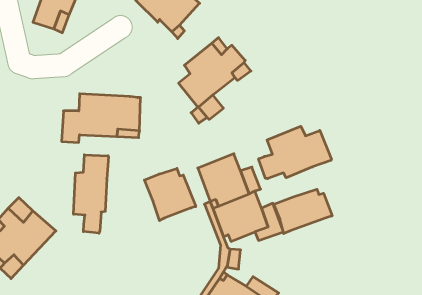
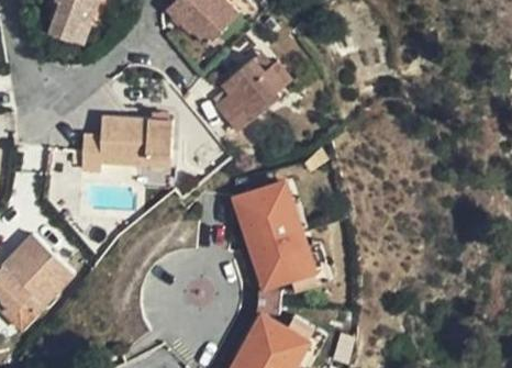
building: [259,126,331,179] -> none
building: [74,155,108,233] -> none
building: [144,168,196,221] -> none
building: [274,189,332,234] -> none

